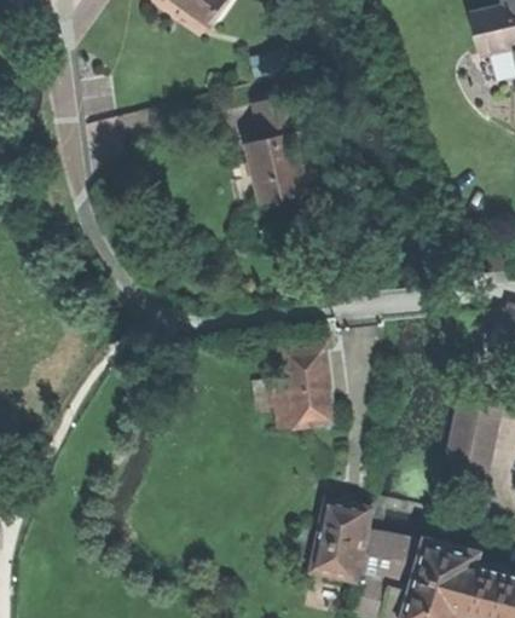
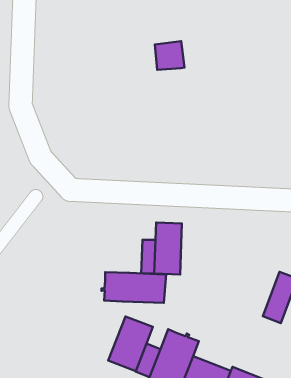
building: [247,133,309,201] -> none
building: none -> [101,272,166,303]
building: none -> [108,316,153,371]

